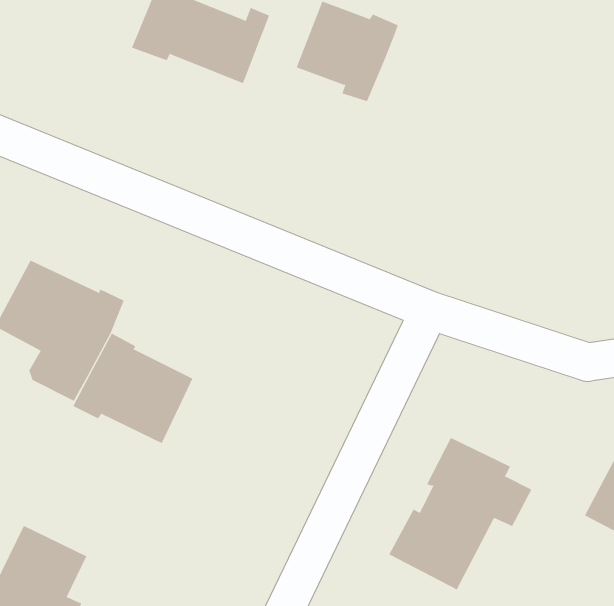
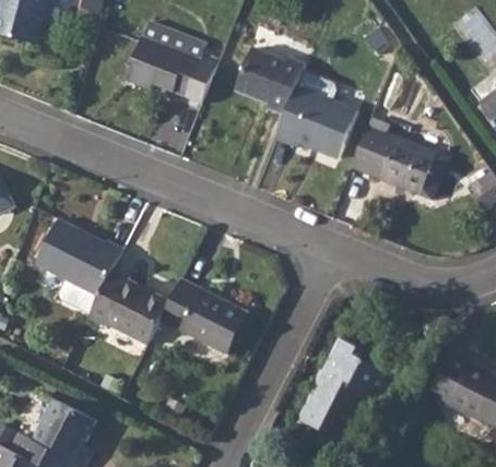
building: none -> [273,69,355,156]
building: none -> [351,122,440,197]
building: none -> [156,277,246,351]

